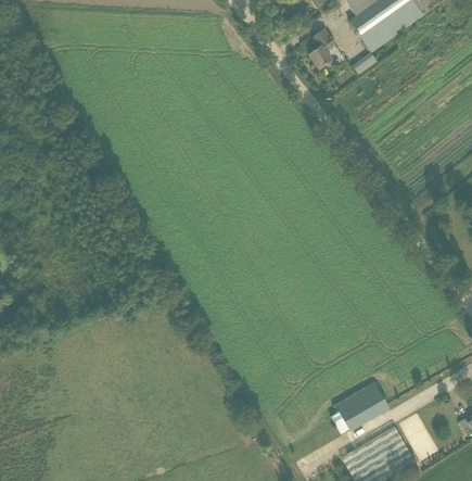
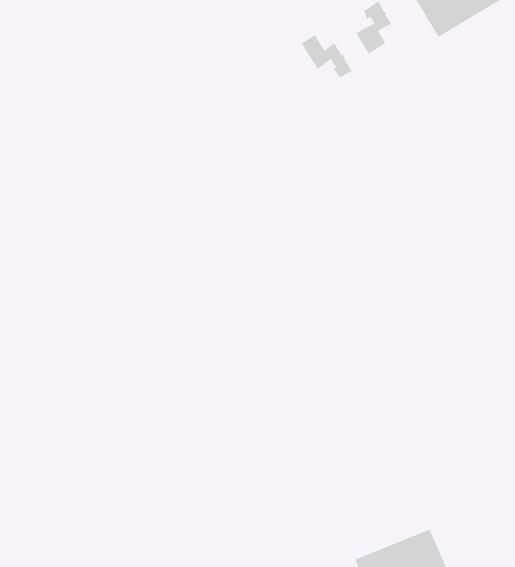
building: none -> [301,34,353,78]
building: [335,382,388,429] -> none

